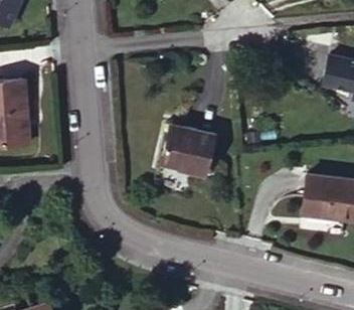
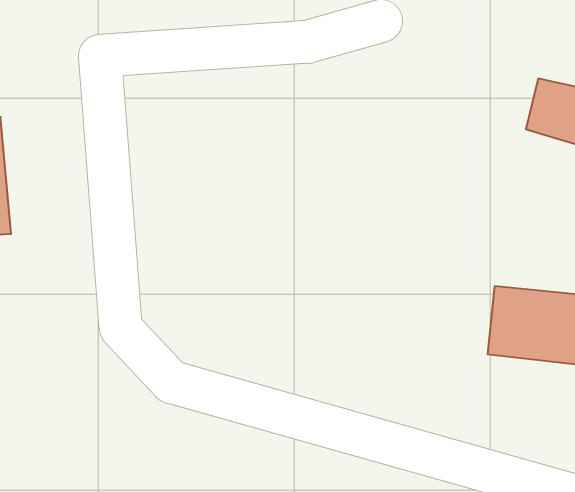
building: [160,126,213,174] -> none

